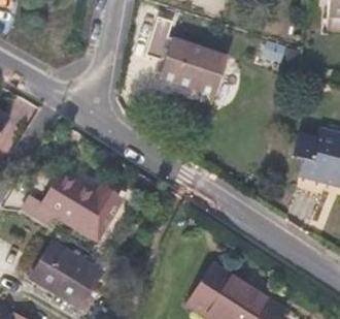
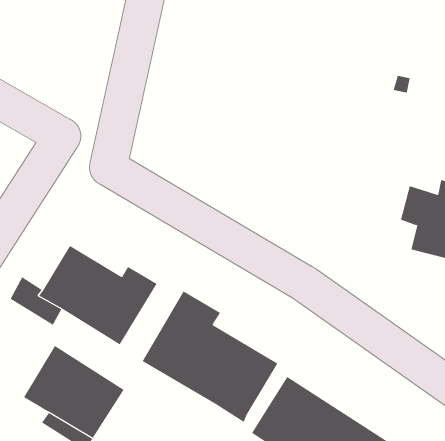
building: [144,29,228,97] -> none
building: none -> [142,290,278,423]

